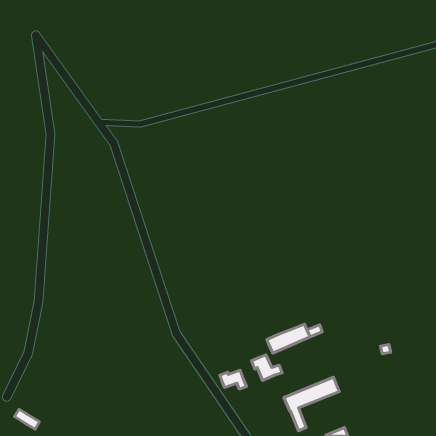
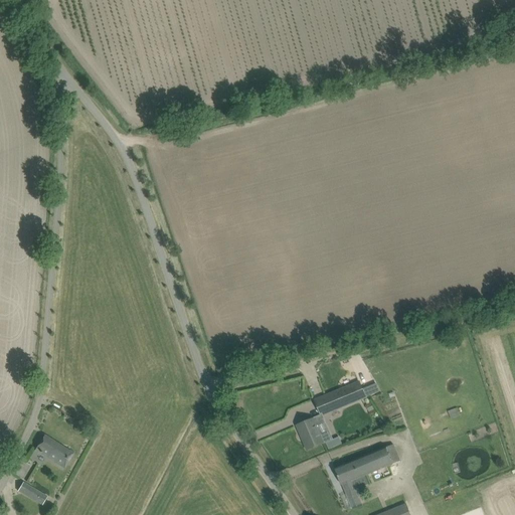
building: none -> [34,435,72,468]
building: [220,370,247,389] -> none

